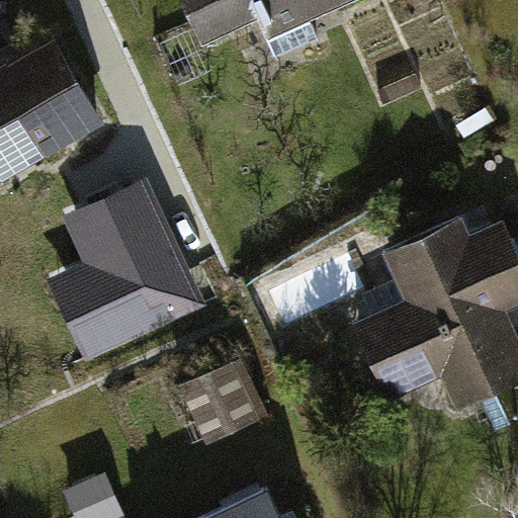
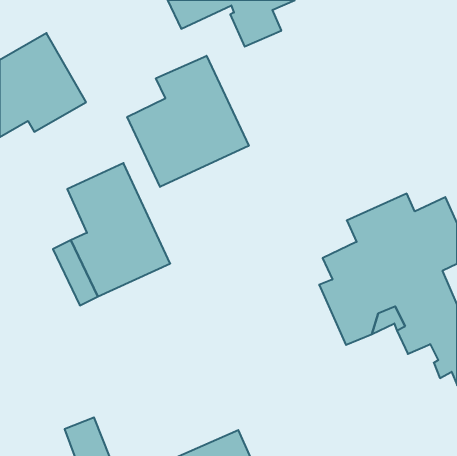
building: none -> [127,56,249,187]
building: [180,361,258,443] -> none

